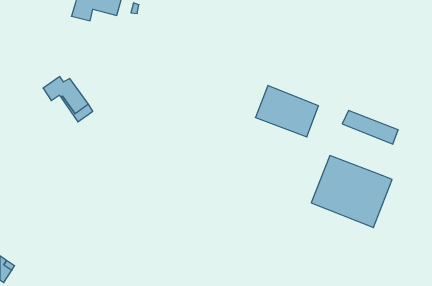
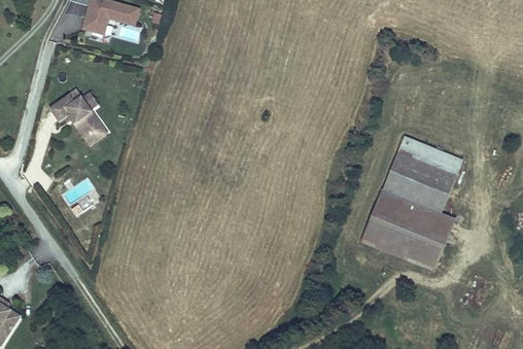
building: [255,85,319,137] -> [383,151,456,211]

